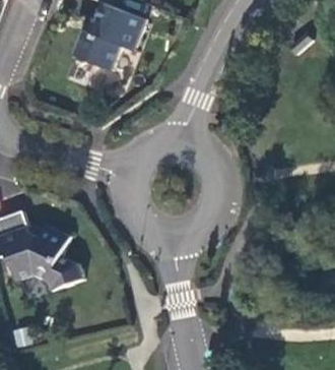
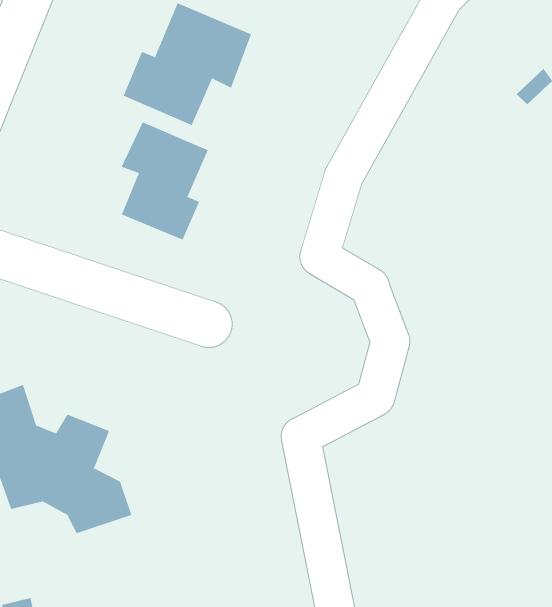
building: none -> [121,122,209,240]

